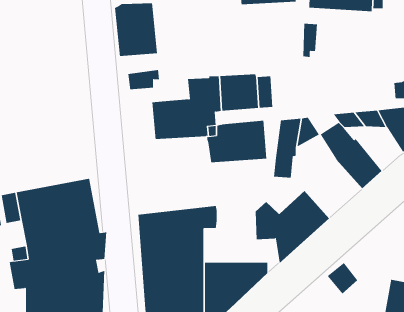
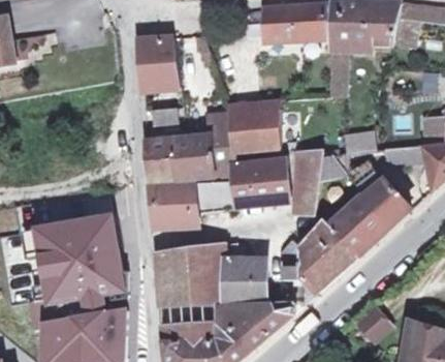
building: none -> [145,138,177,179]
building: none -> [149,179,234,227]
building: none -> [329,197,388,257]
building: none -> [227,259,264,301]

